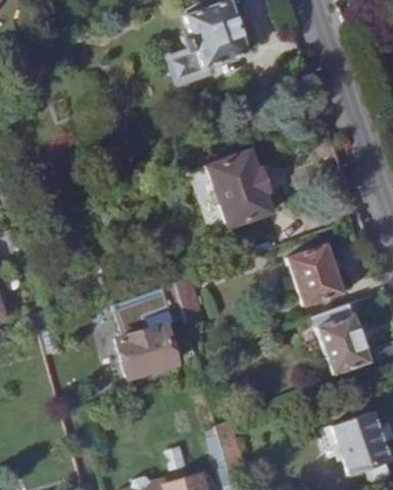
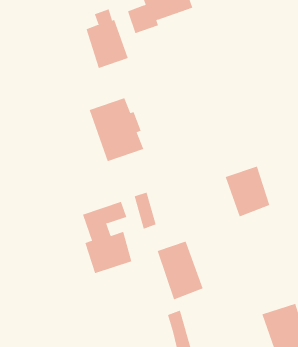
building: none -> [86,8,129,69]
building: [210,149,278,227] -> [89,97,144,162]
building: [314,304,372,376] -> [157,241,204,300]

